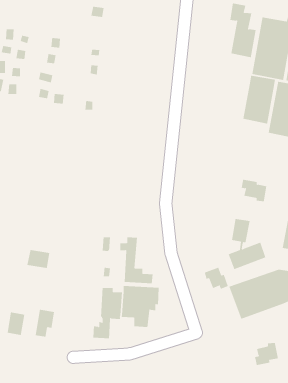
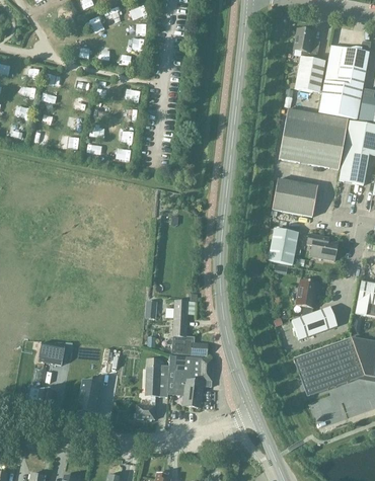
building: none -> [279,108,318,164]
building: none -> [272,179,317,217]
building: none -> [268,228,298,265]
building: [26,249,50,269] -> [38,342,65,365]
building: [204,267,229,290] -> none
building: [254,342,278,366] -> none

